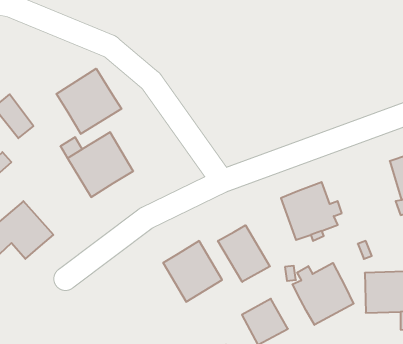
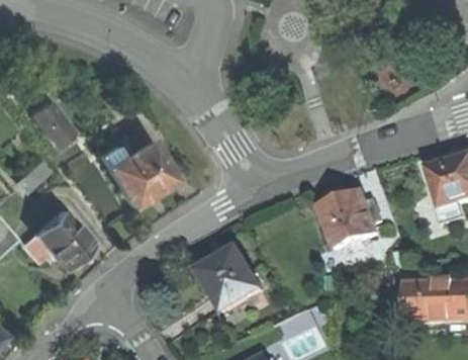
building: [56,69,121,134] -> none
building: [218,225,270,282] -> none
building: [292,263,354,325] -> none

